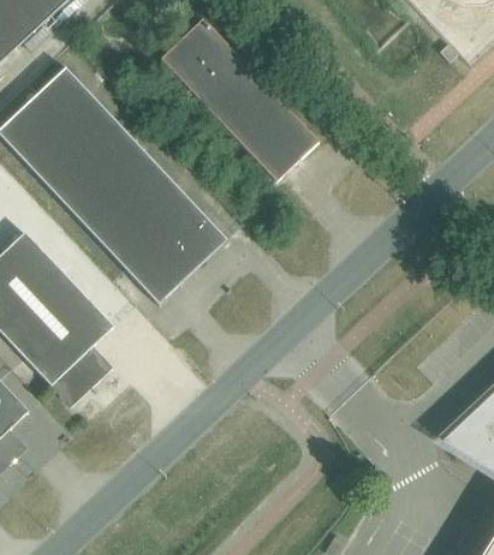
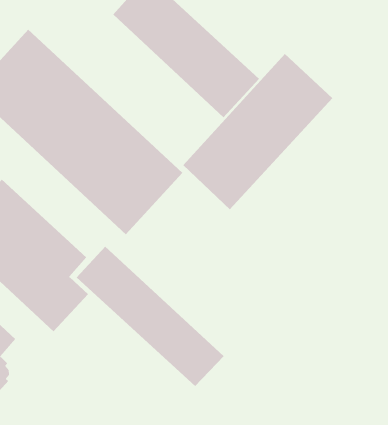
building: none -> [183,53,333,210]
building: none -> [76,246,224,387]

